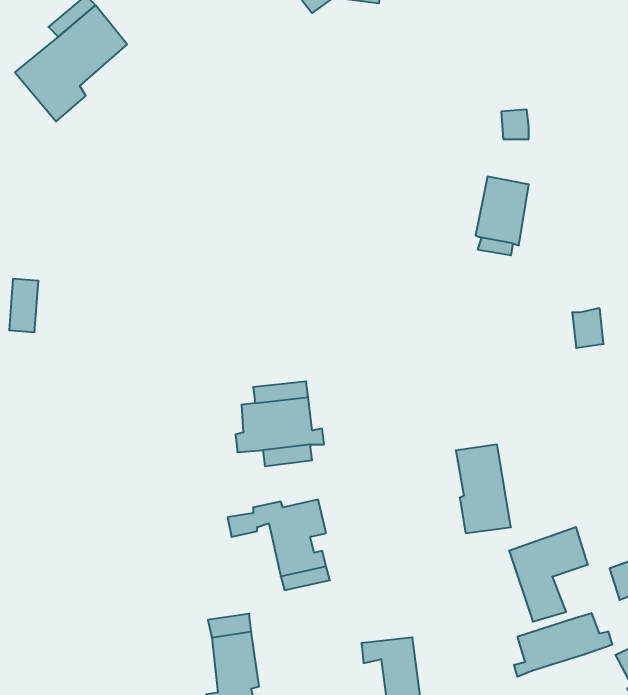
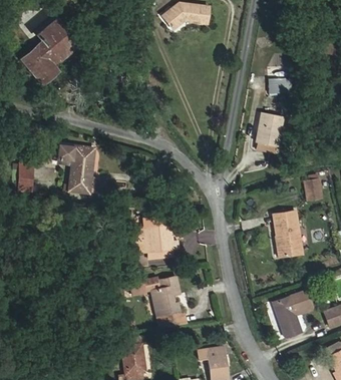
building: none -> [56,143,94,194]
building: [456,445,511,533] -> [274,211,302,256]
building: [514,613,612,677] -> none

